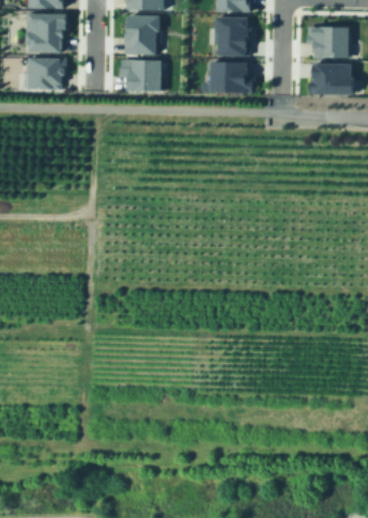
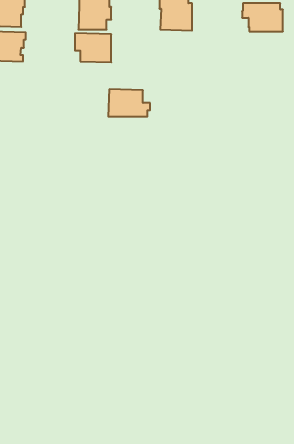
building: [208,61,255,91] -> [108,89,150,117]
building: [310,65,356,96] -> none

